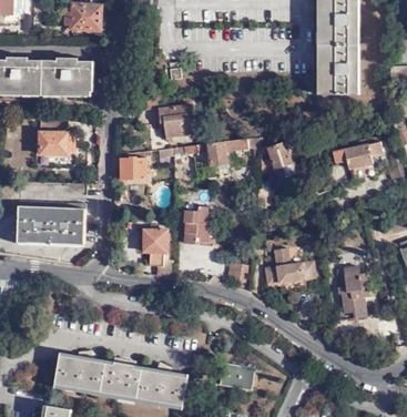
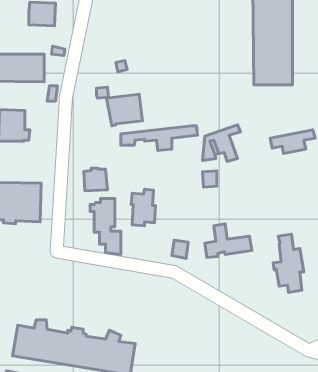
building: [120,153,145,177] -> [84,168,107,191]
building: [221,364,254,387] -> none

